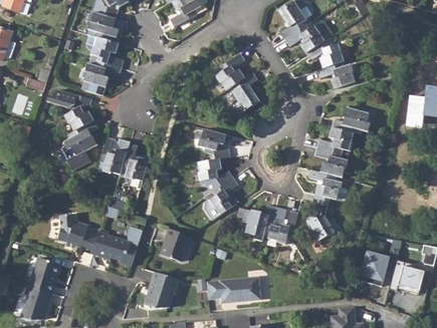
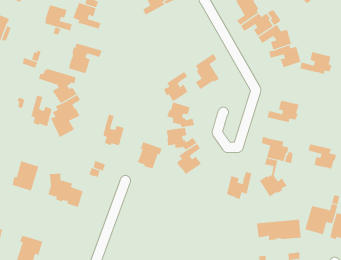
building: [91,38,125,69] -> [44,5,73,31]
building: [215,54,244,90] -> [163,71,188,102]
building: [332,107,370,134] -> [299,51,332,75]
building: [100,137,127,175] -> [30,95,53,127]
building: [313,147,348,178] -> [308,144,337,169]
building: [237,205,276,241] -> none
building: [94,225,143,265] -> none
building: [162,228,192,260] -> [137,142,163,169]
building: [30,257,62,293] -> [12,160,39,191]
building: [145,271,181,307] -> none
building: [207,276,260,301] -> [256,219,301,240]

